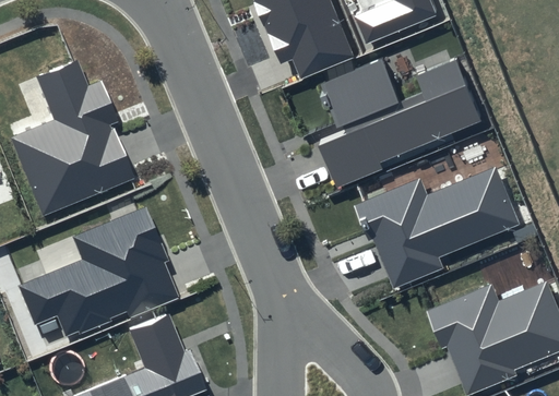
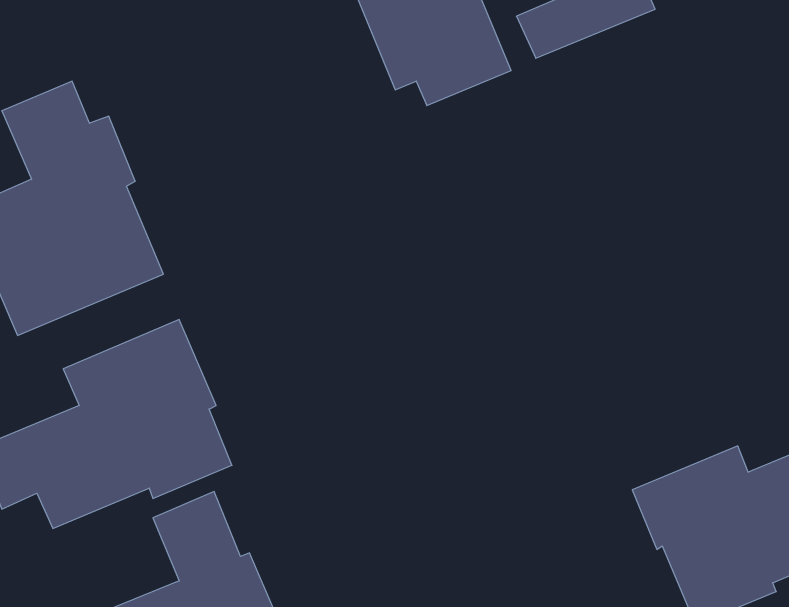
building: [318,59,481,189] -> none
building: [358,166,519,289] -> none

